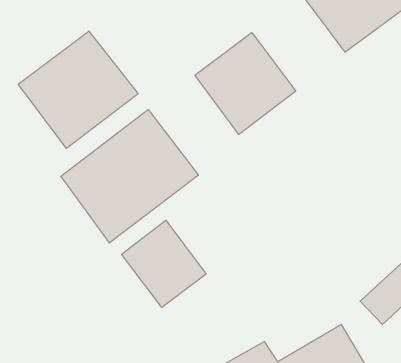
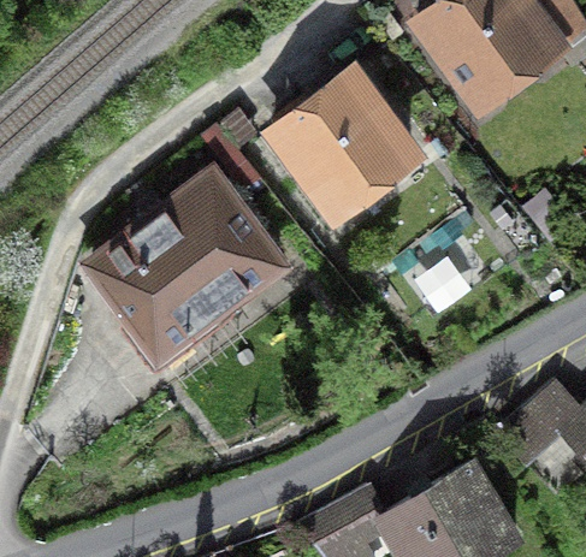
building: [18,31,138,148] -> none
building: [122,220,206,307] -> none

